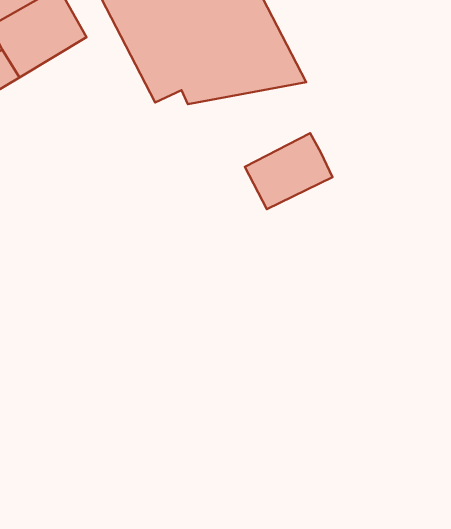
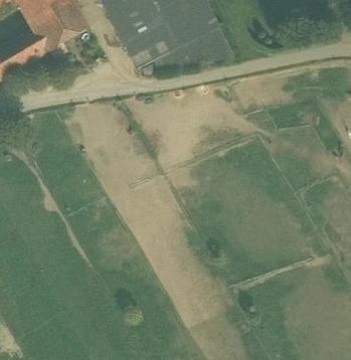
building: [245,133,333,209] -> none

